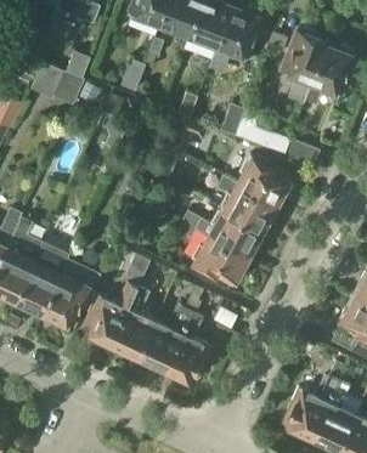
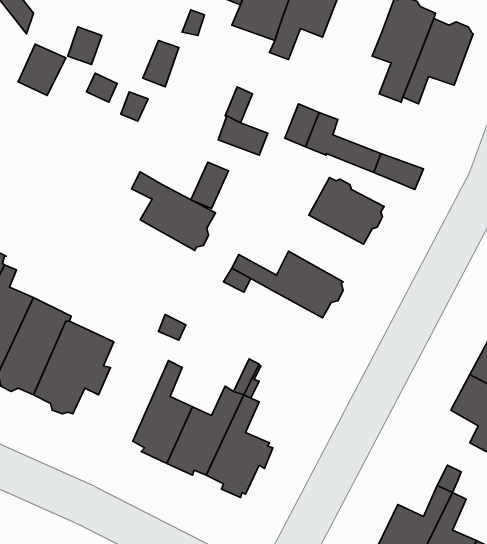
building: [218,176,277,232] -> [132,172,215,250]
building: [196,237,248,284] -> none
building: [85,282,139,345] -> none

